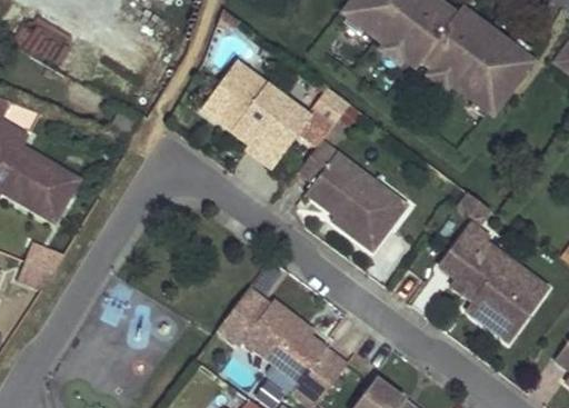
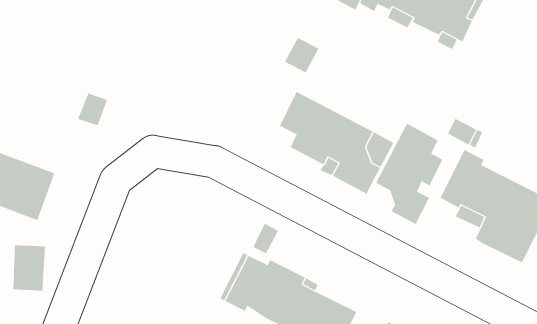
building: [204,58,316,167] -> none
building: none -> [375,123,443,225]

